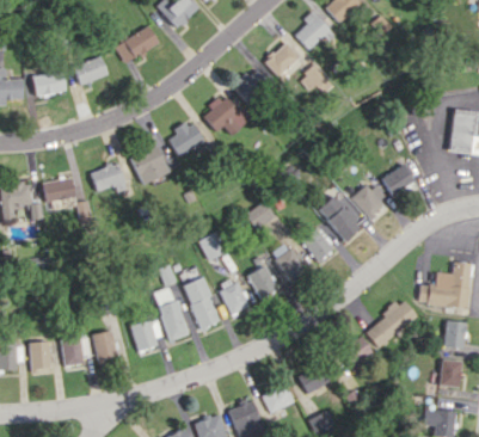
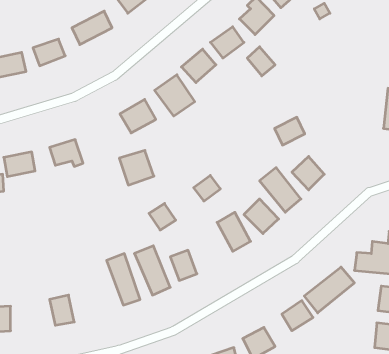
building: [133,147,170,184] -> [119,150,154,185]
building: [382,165,414,195] -> [275,117,305,145]
building: [248,265,278,300] -> none
building: [131,318,164,349] -> none
building: [62,338,88,364] -> none

